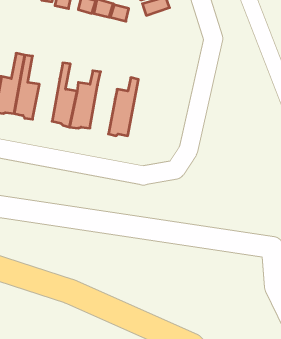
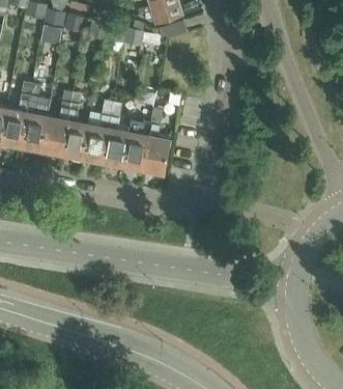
building: none -> [41,90,74,155]
building: none -> [103,102,130,168]
building: none -> [143,109,170,176]

